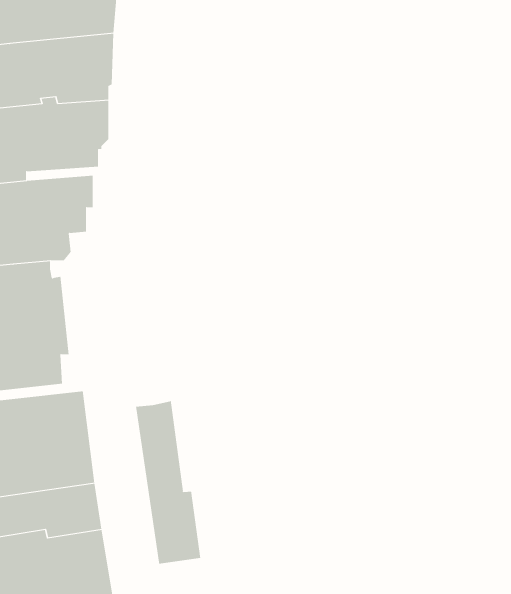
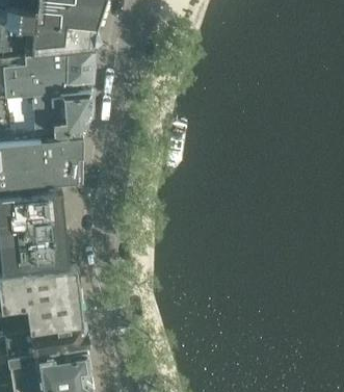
building: [135,400,201,565] -> none

